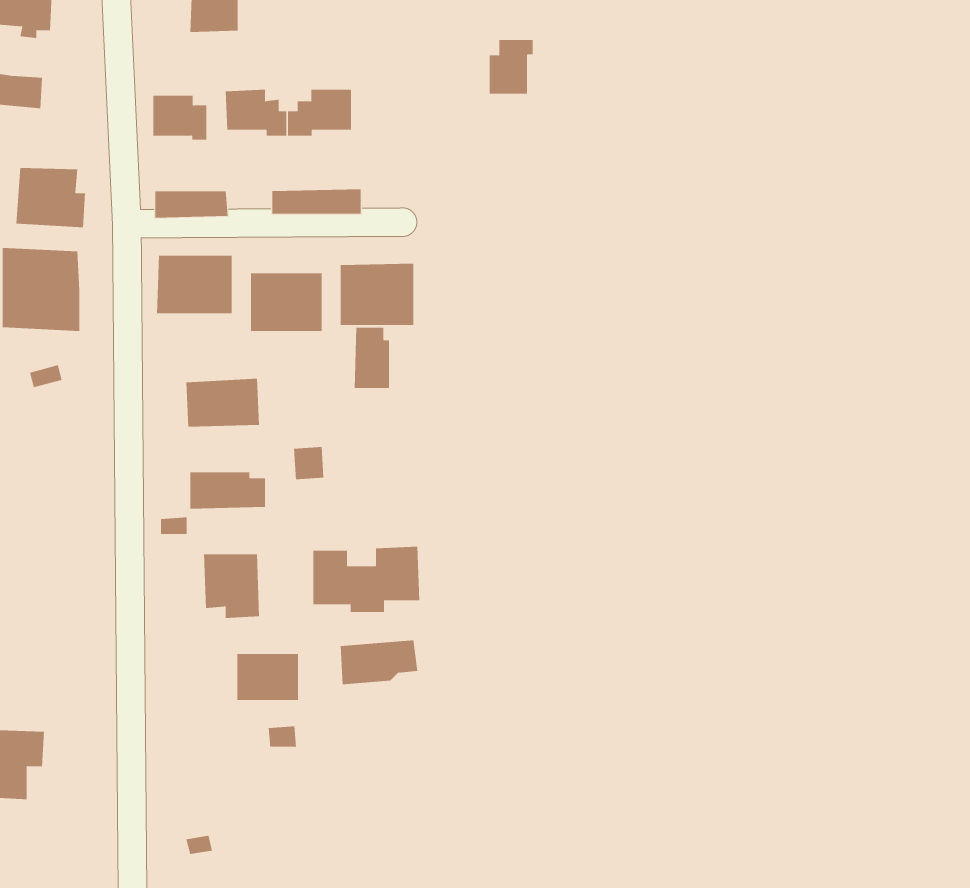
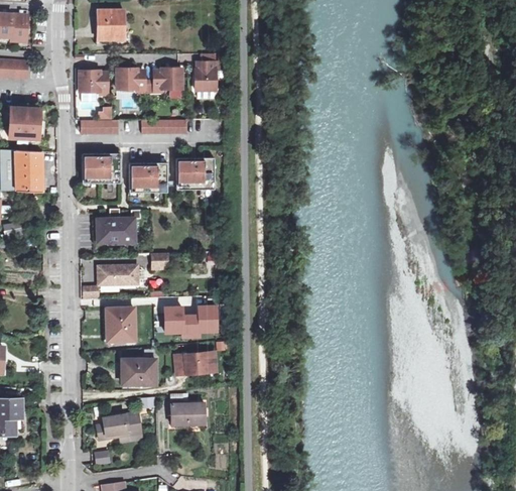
building: [489,39,534,94] -> [197,62,220,90]
building: [354,327,390,389] -> none
building: none -> [171,402,206,424]
building: none -> [98,411,142,441]

